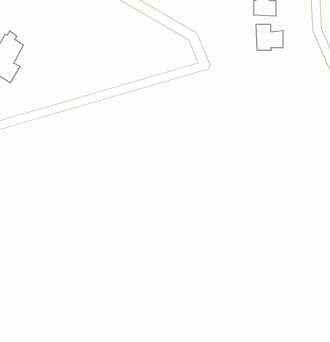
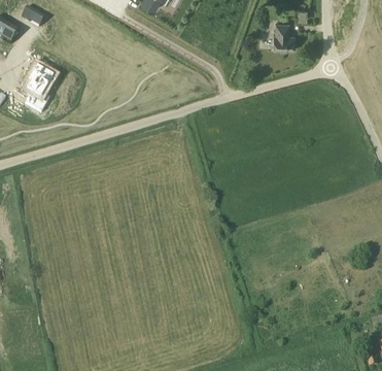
building: [256,24,283,50] -> none

